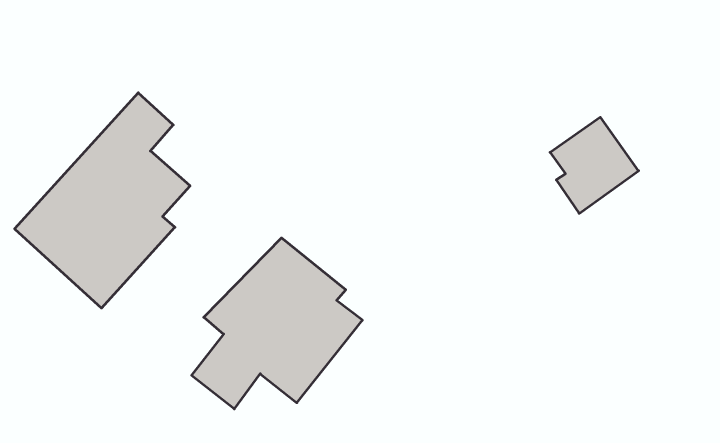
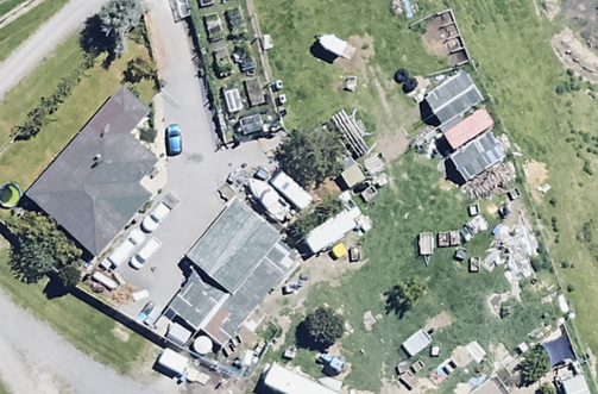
building: none -> [424,67,490,125]

